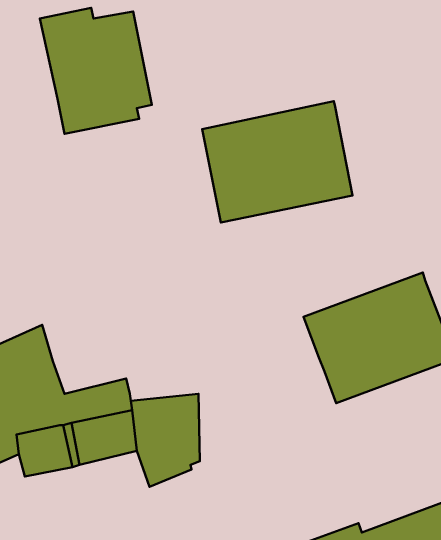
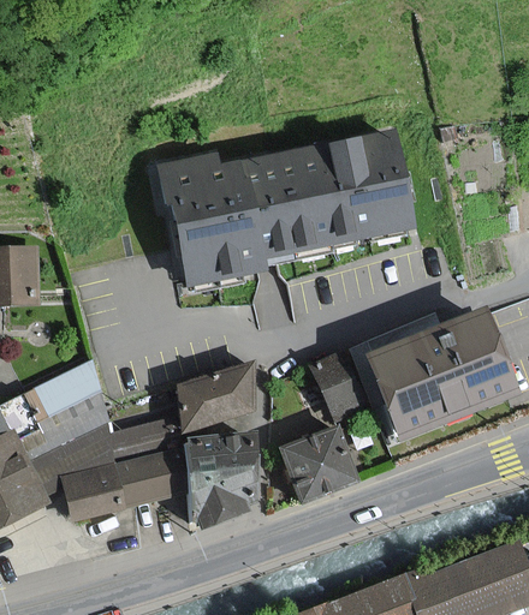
building: [40,8,152,134] -> [160,156,275,286]
building: none -> [310,353,364,422]
building: none -> [174,362,252,432]
building: none -> [280,429,355,501]

